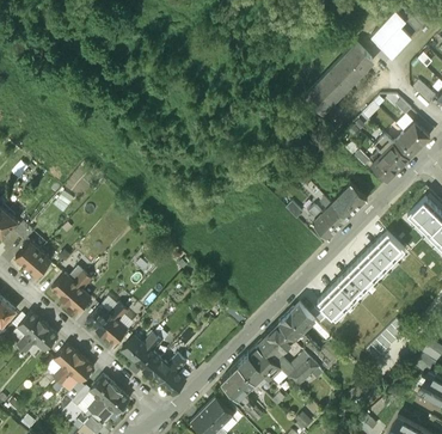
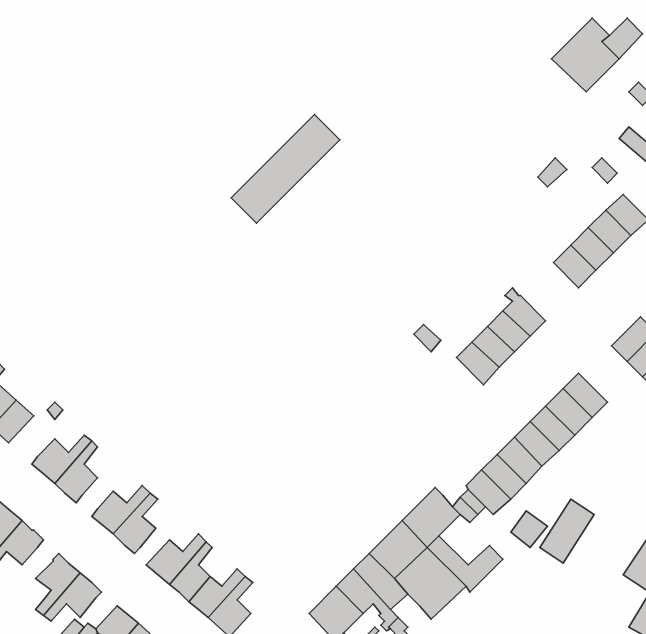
building: [305,47,372,114] -> [231,115,340,223]

